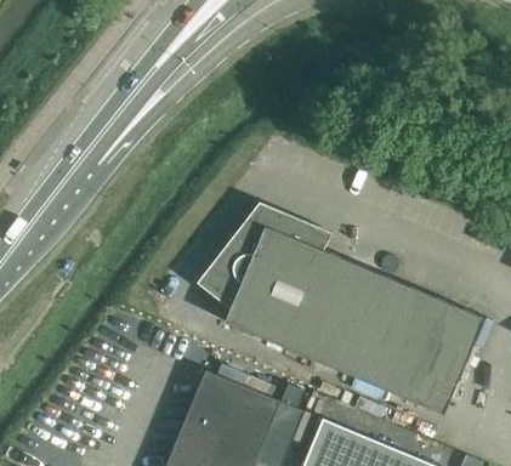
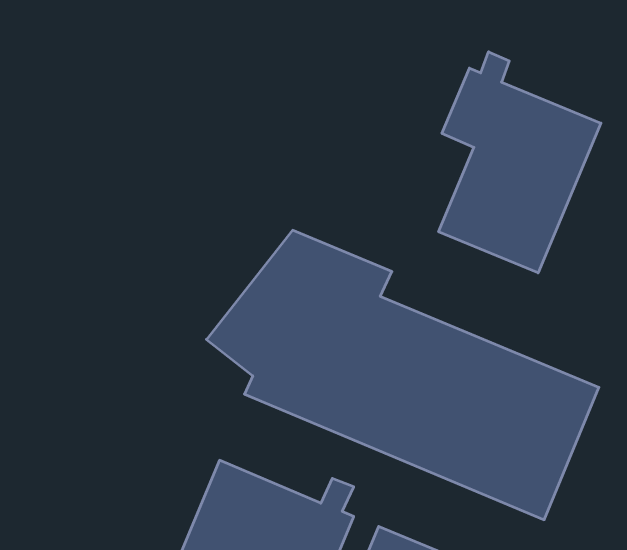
building: none -> [439,52,601,273]

